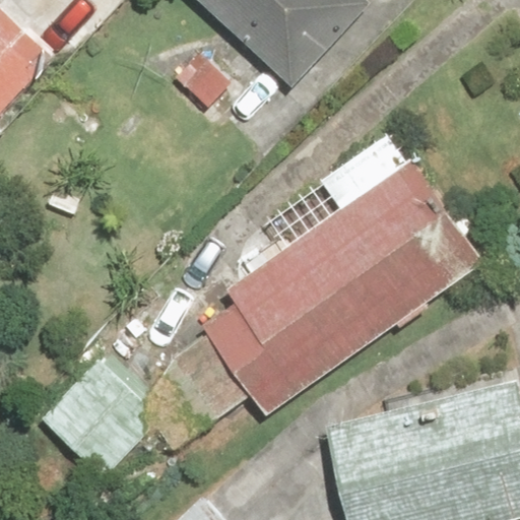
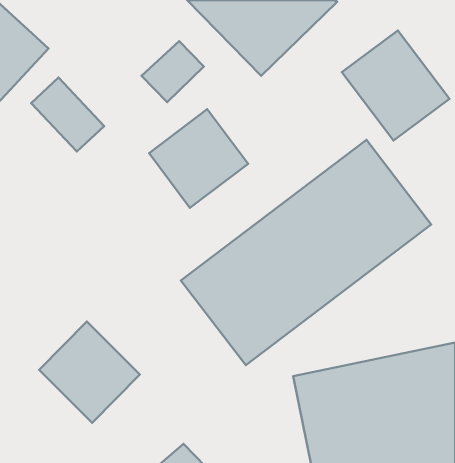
building: none -> [342,31,450,140]
building: none -> [149,109,248,208]

